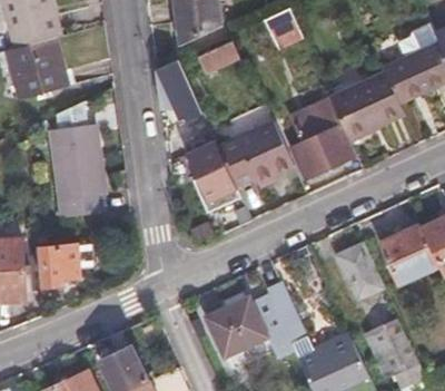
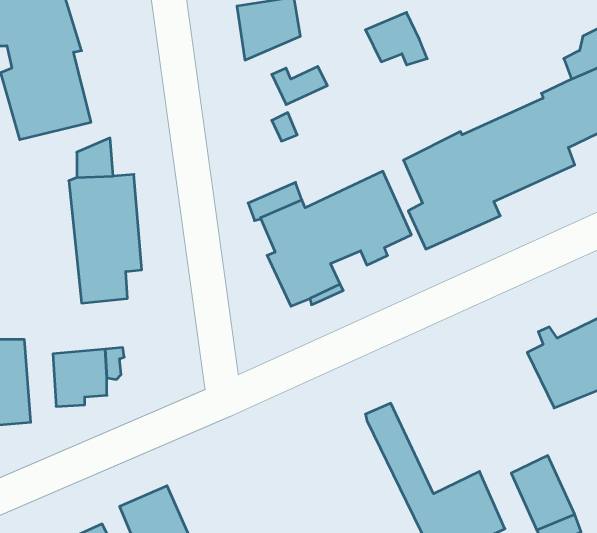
building: [157,59,202,124] -> none
building: [334,250,376,302] -> none
building: [210,295,291,360] -> none

